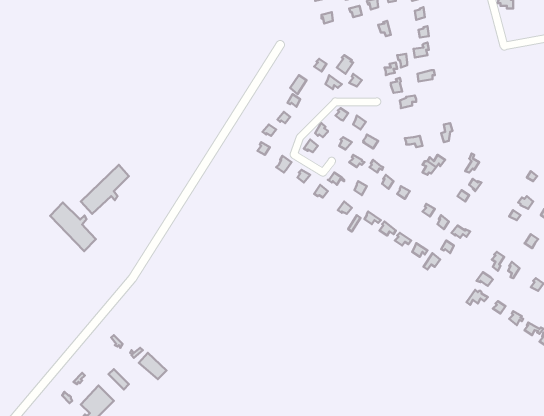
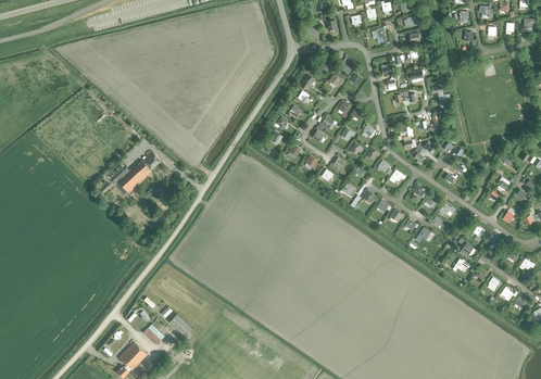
building: [50,203,96,251] -> none

